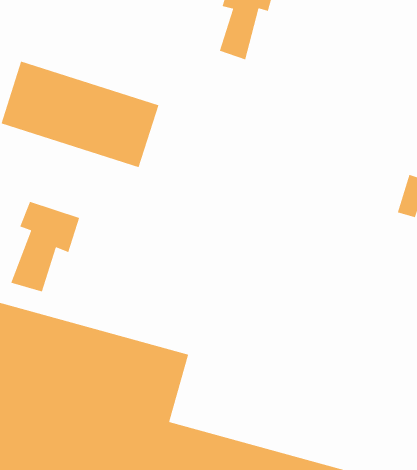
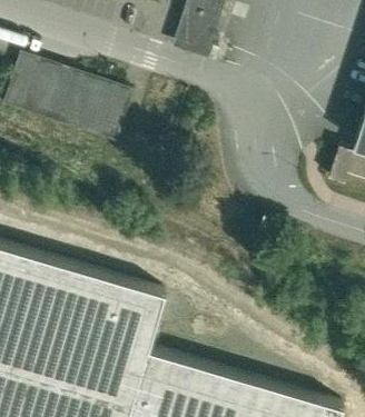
building: [10,201,80,293] -> none

